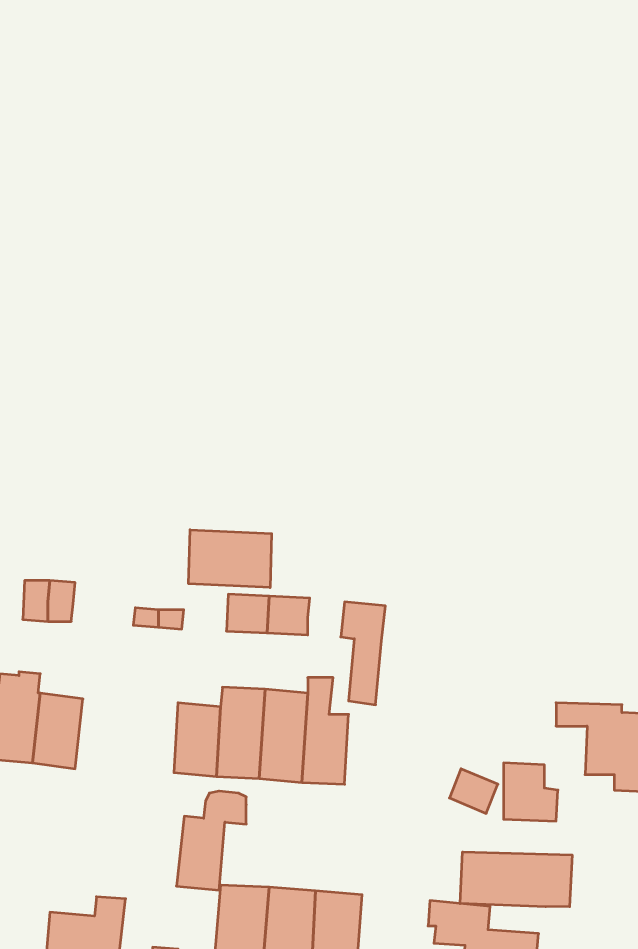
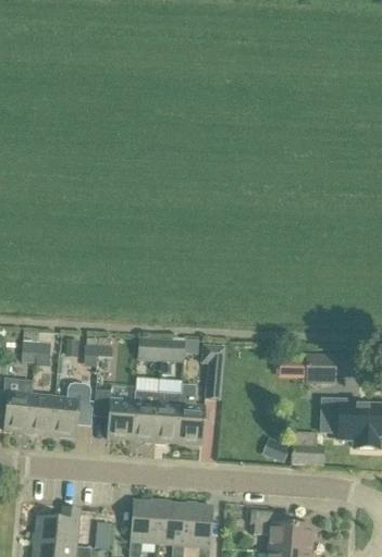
building: [189,530,272,588] -> none
building: none -> [276,354,334,385]
building: [176,791,246,890] -> [51,382,90,437]
building: [460,852,572,907] -> none

